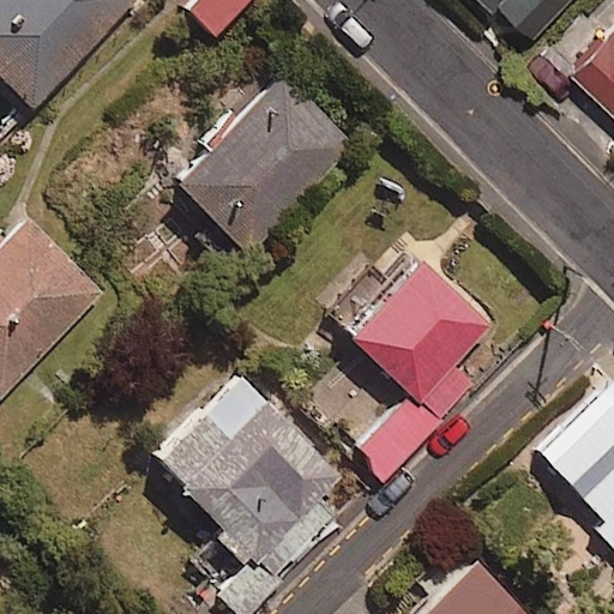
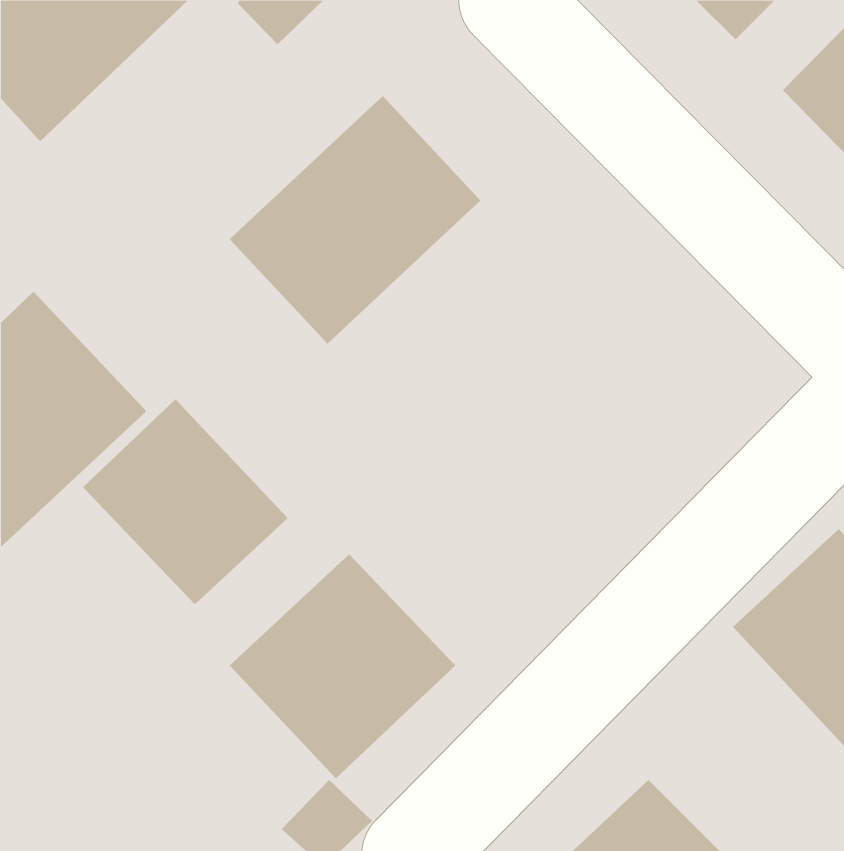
building: [342,259,486,480] -> none
building: none -> [82,398,288,605]

